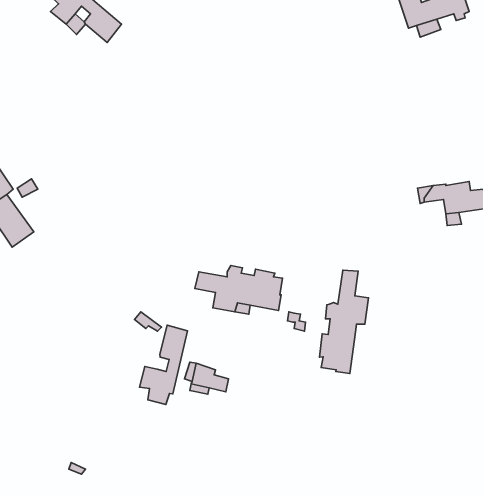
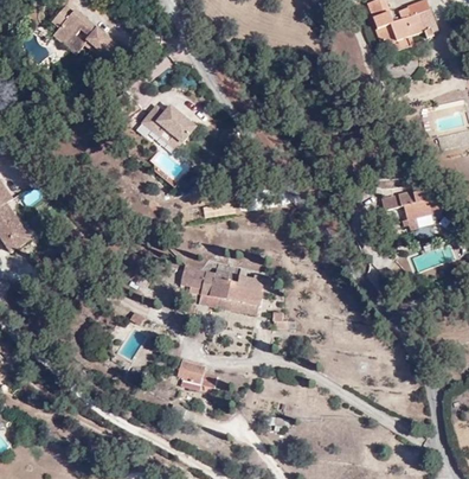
building: none -> [141,109,192,146]
building: [319,270,369,373] -> none
building: [140,325,188,405] -> none

